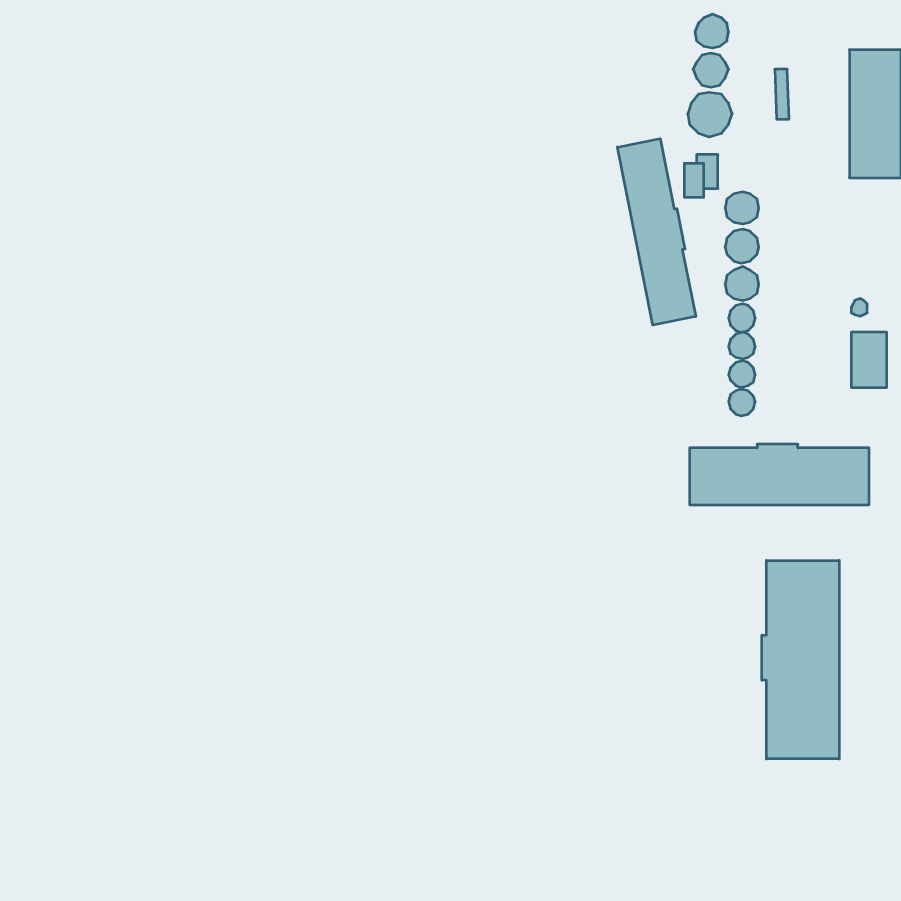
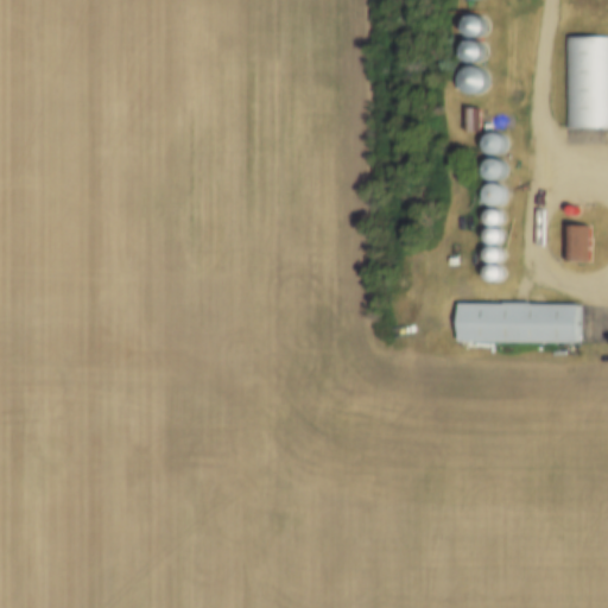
building: [617,139,696,325] -> none
building: [762,560,839,759] -> none

